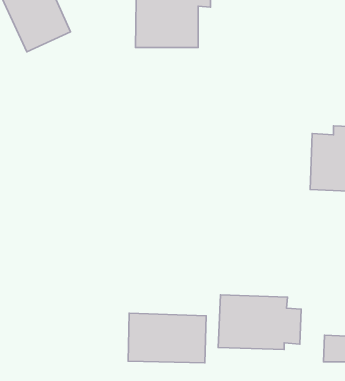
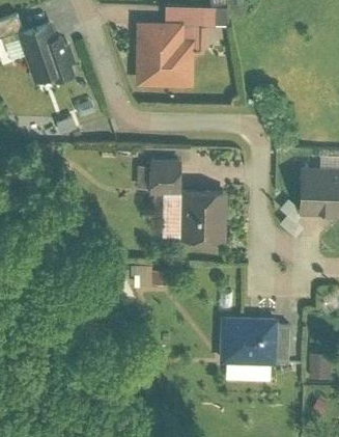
building: none -> [148,165,229,241]
building: [128,313,206,363] -> none

